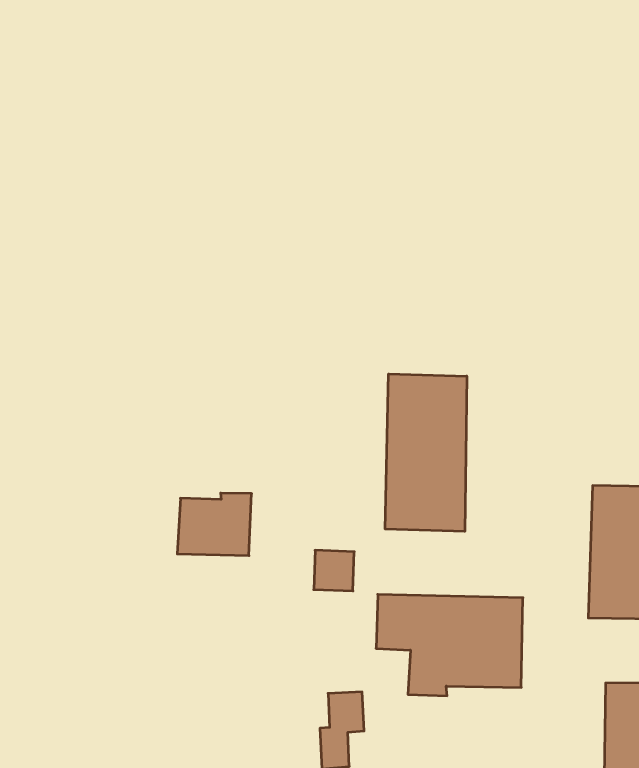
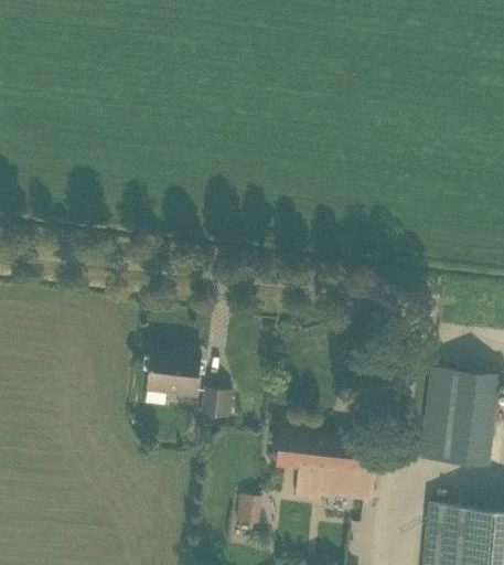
building: [385,374,467,531] -> none
building: [314,550,354,591] -> [202,388,232,418]

